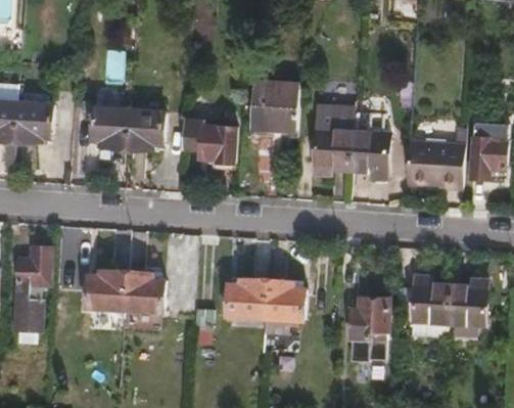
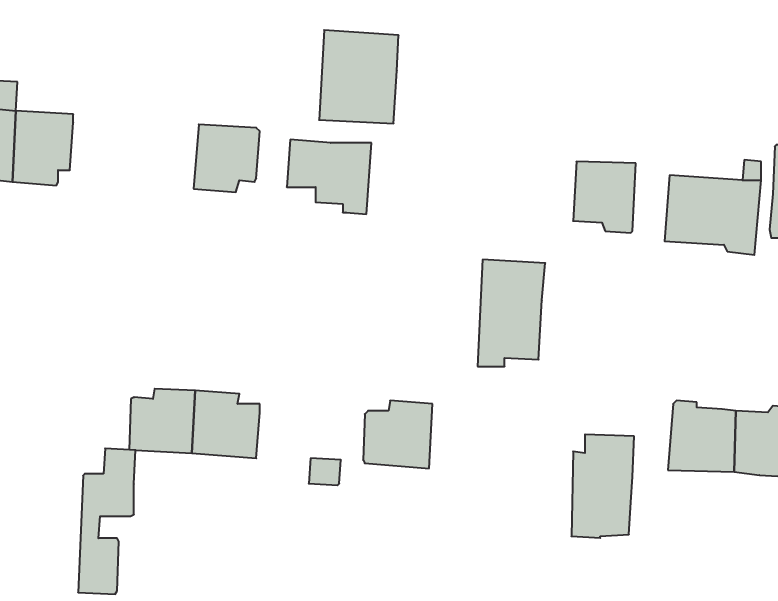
building: [251,75,299,131] -> [319,30,399,123]
building: [91,108,127,150] -> none
building: [316,109,357,174] -> [478,260,545,366]
building: [14,246,49,334] -> [78,448,136,594]
building: [266,280,306,321] -> none

